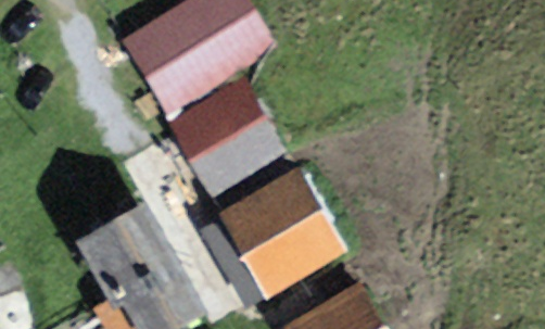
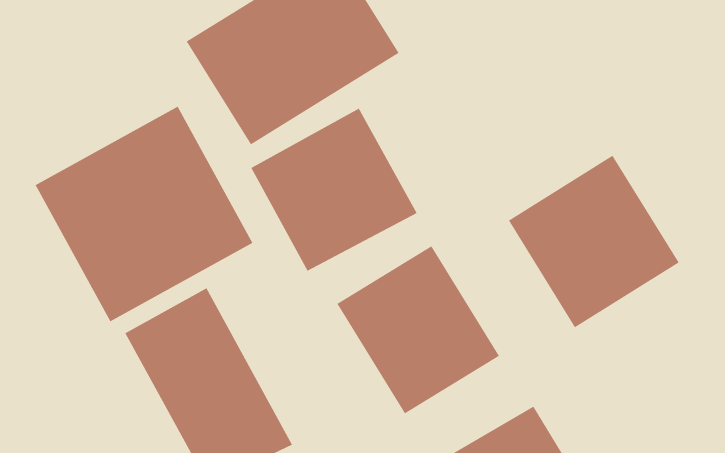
building: none -> [35,106,253,322]
building: none -> [508,155,679,328]

